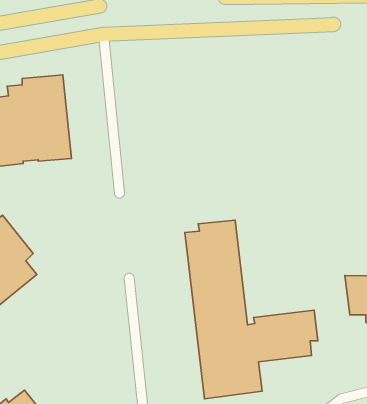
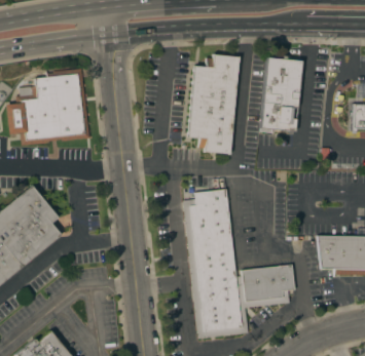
building: none -> [189,53,240,153]
building: none -> [262,57,302,131]

